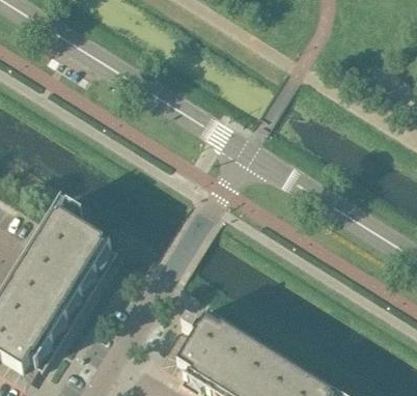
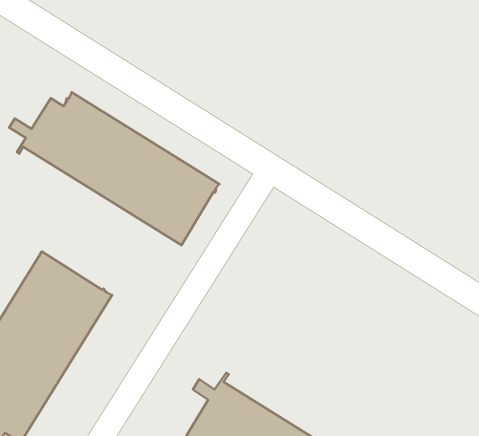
building: none -> [9,92,220,245]

